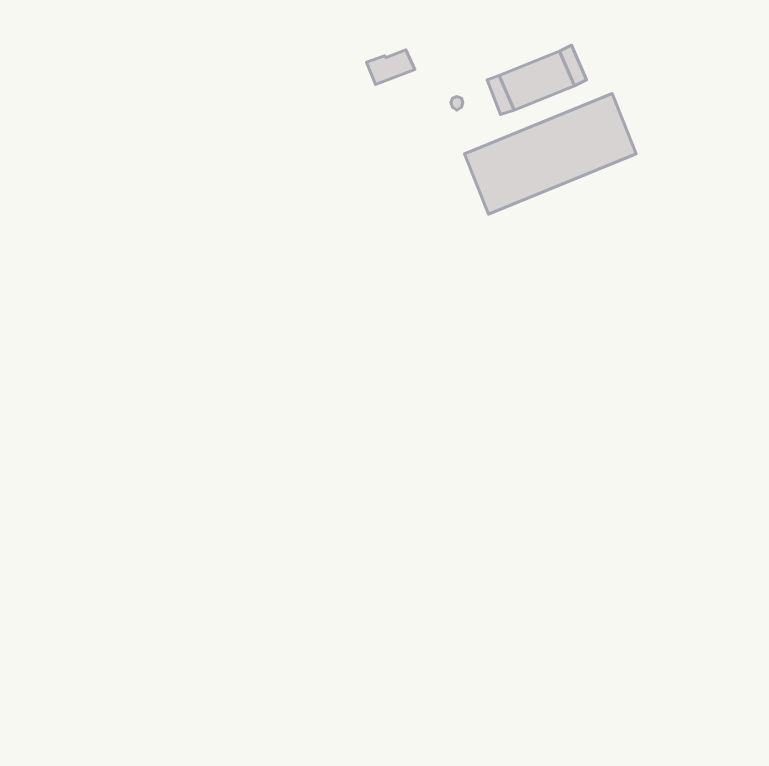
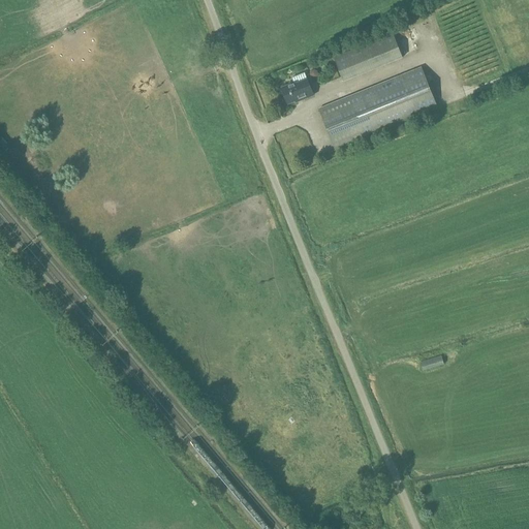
building: [367,50,415,85] -> [280,76,313,100]

